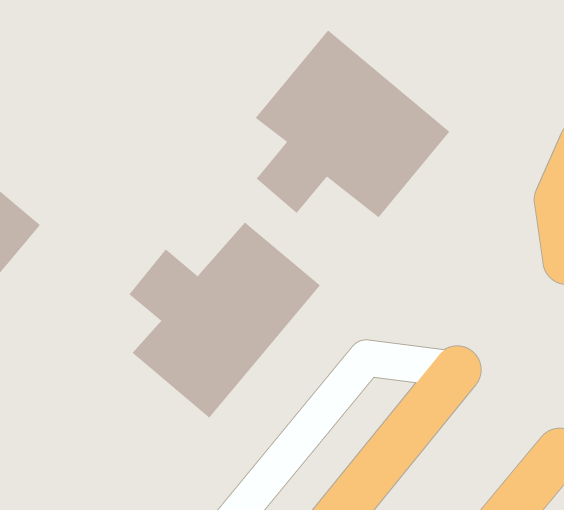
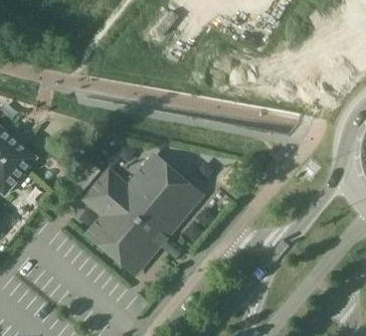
building: [255,30,450,218] -> none

